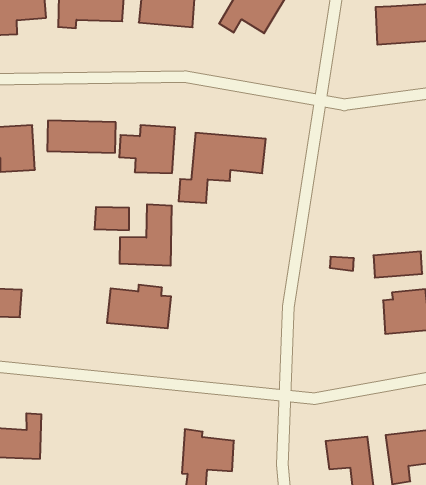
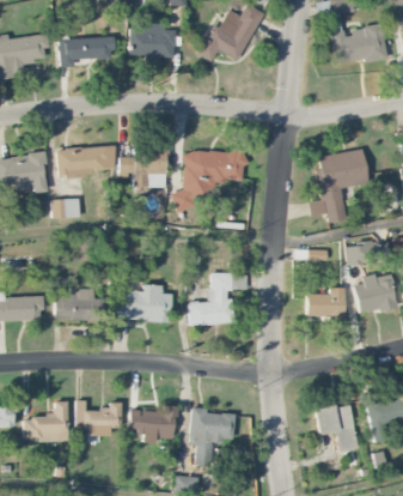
building: none -> [310,150,368,224]
building: [120,204,172,266] -> [188,273,233,326]
building: [94,207,129,230] -> [51,199,81,219]
building: none -> [56,289,99,320]
building: none -> [306,288,346,317]
building: none -> [77,400,122,436]
building: none -> [130,406,177,443]

